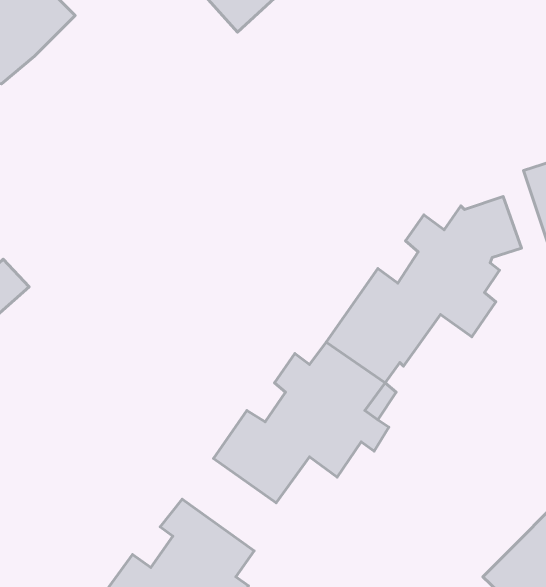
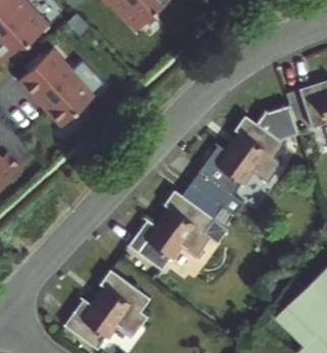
building: none -> [19,40,94,117]

